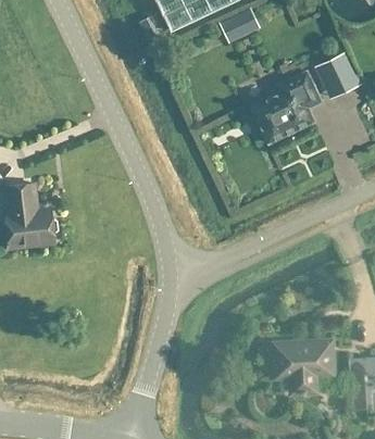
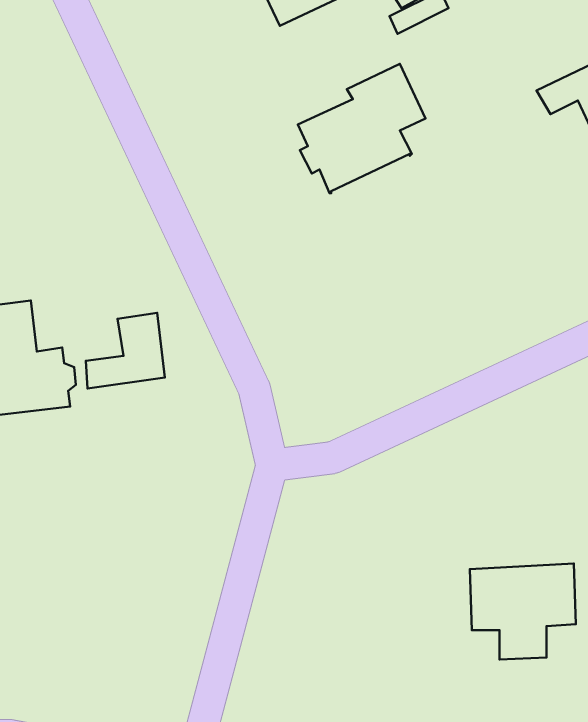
building: [250,73,321,145] -> [298,64,425,193]
building: none -> [86,313,165,388]

